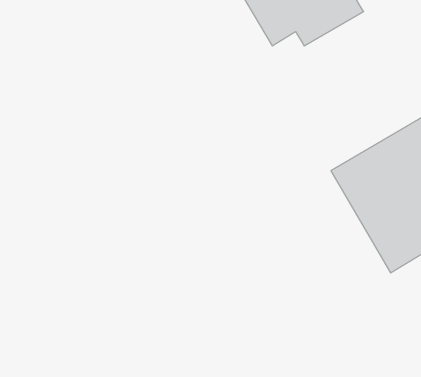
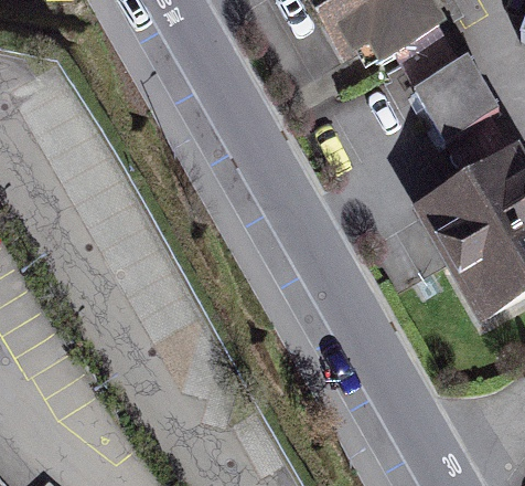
building: none -> [414,51,502,138]

